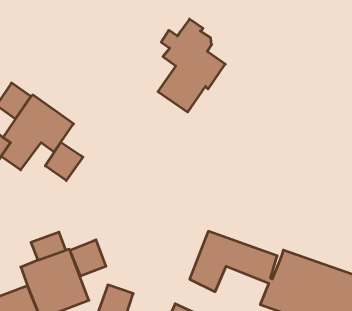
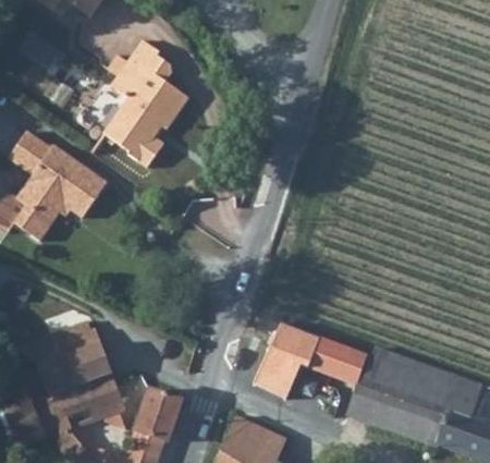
building: [158,19,225,112] -> [102,39,188,158]
building: [45,142,83,181] -> none
building: [70,240,106,276] -> none

